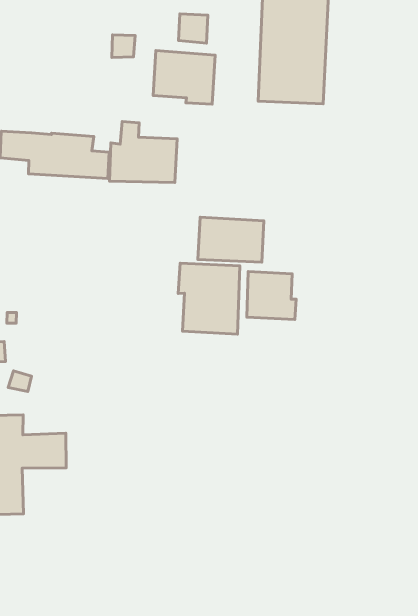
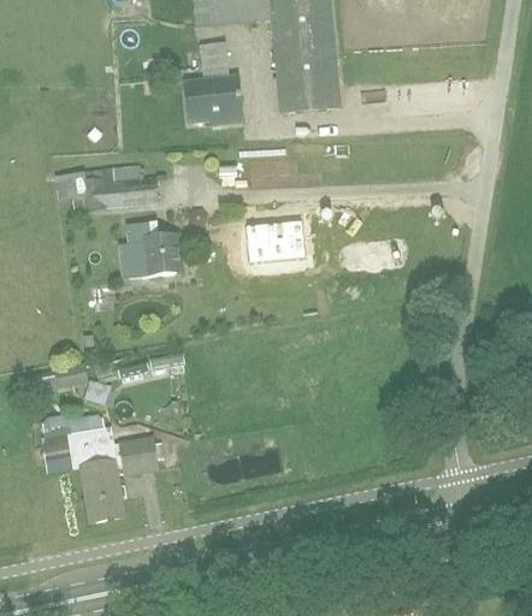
building: [109,122,177,183] -> [119,221,182,278]
building: [178,263,240,334] -> none
building: [247,272,296,320] -> none

